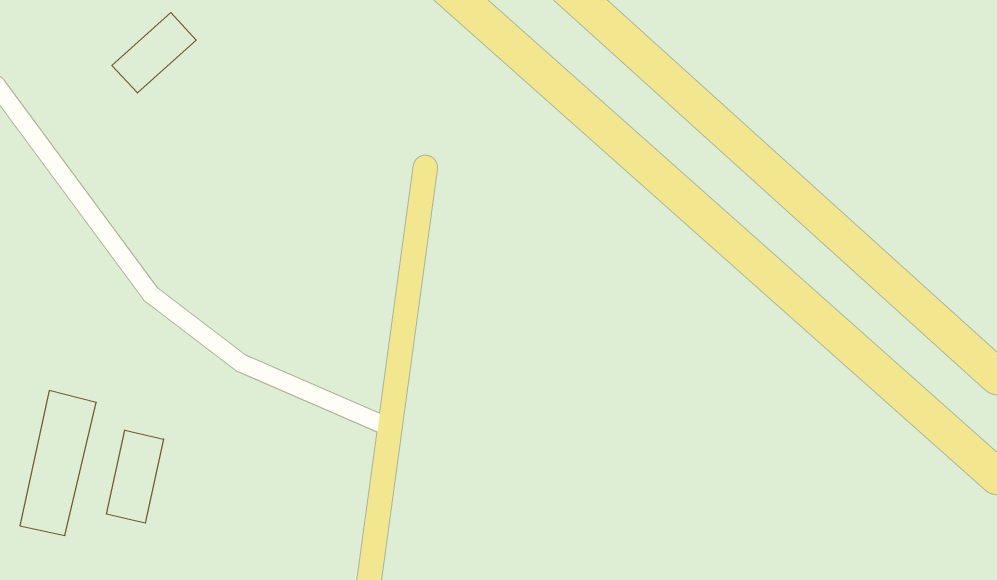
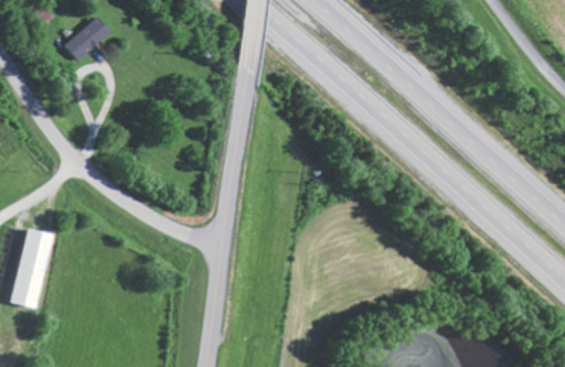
building: [107,430,164,523] -> none

